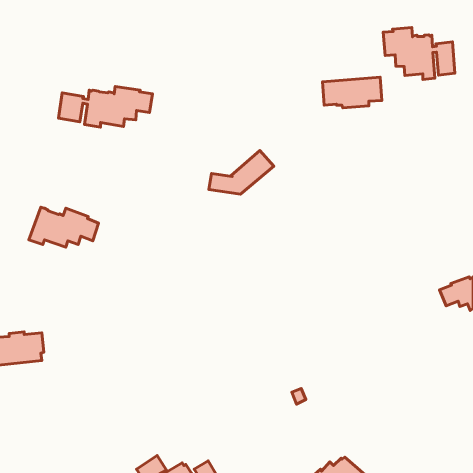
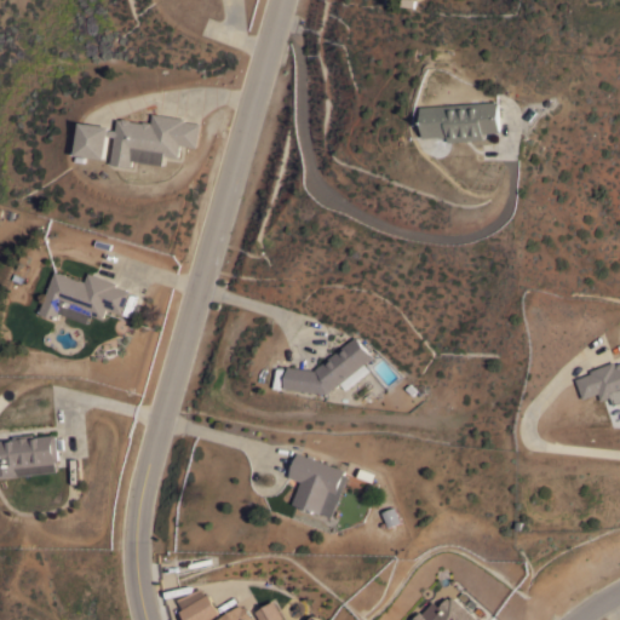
building: [383,28,455,80] -> none
building: [209,150,274,194] -> [285,338,369,395]
building: none -> [287,454,345,518]

